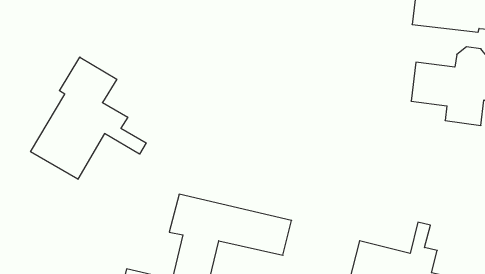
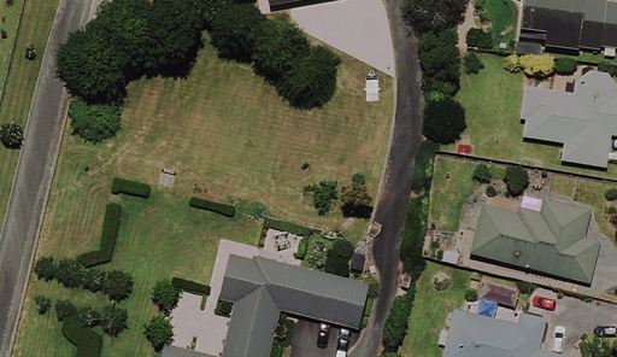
building: [31,57,146,179] -> none
building: none -> [470,197,597,281]

